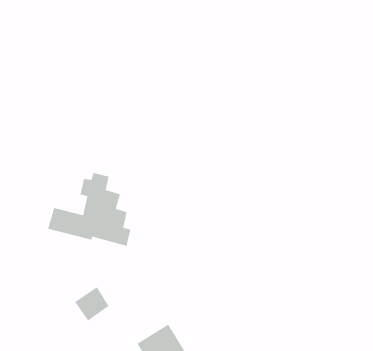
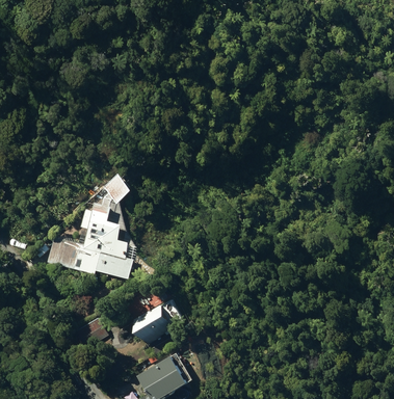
building: none -> [104,174,131,202]
building: none -> [132,305,174,346]

